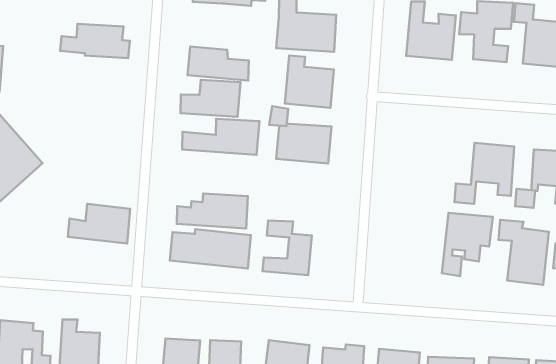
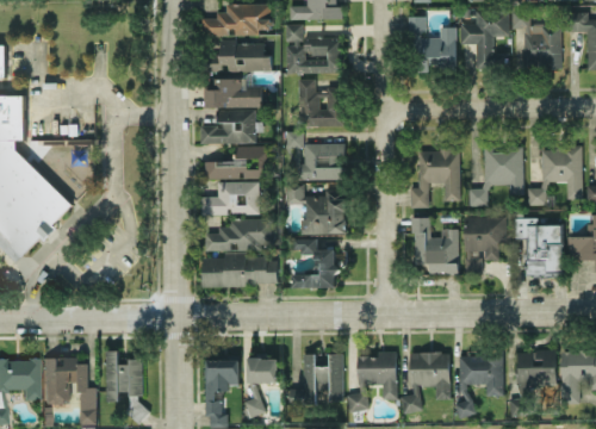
building: [60,24,130,58] -> [205,42,271,73]
building: none -> [410,150,460,209]
building: none -> [286,185,347,235]
building: [68,204,130,243] -> [201,181,259,216]
building: none -> [412,218,458,276]

